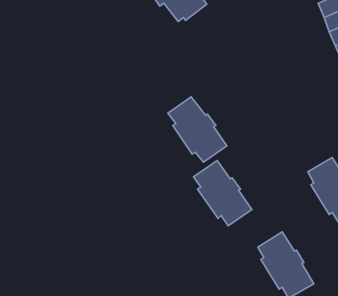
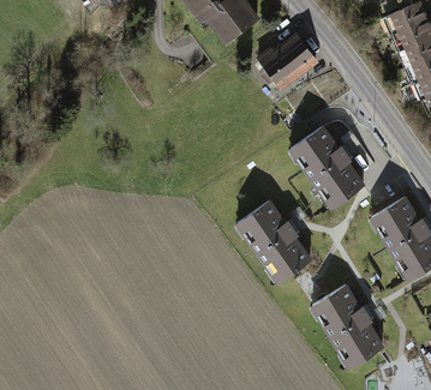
building: none -> [258,35,316,90]
building: [168,97,227,162] -> [294,126,364,203]

